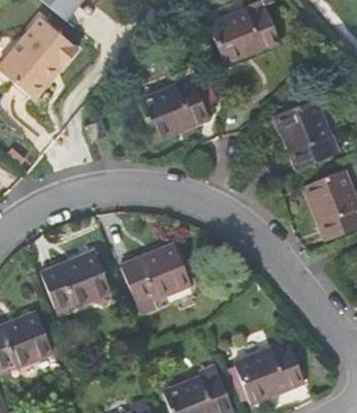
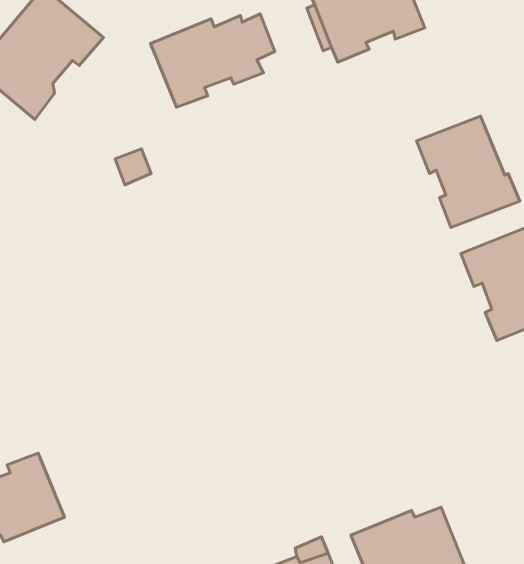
building: [138,81,217,139] -> [150,14,275,107]
building: [120,243,191,313] -> none
building: [40,250,110,307] -> none

